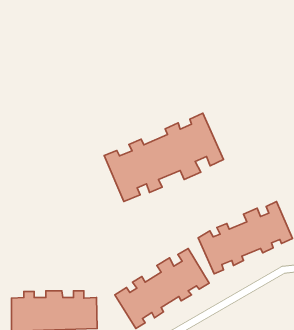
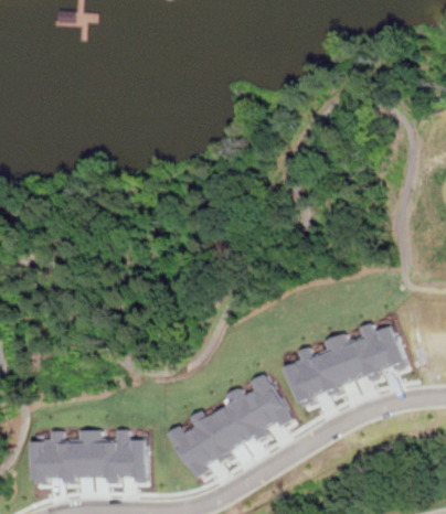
building: [104,113,224,202] -> none

